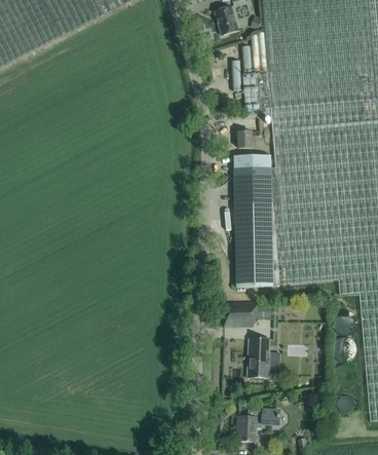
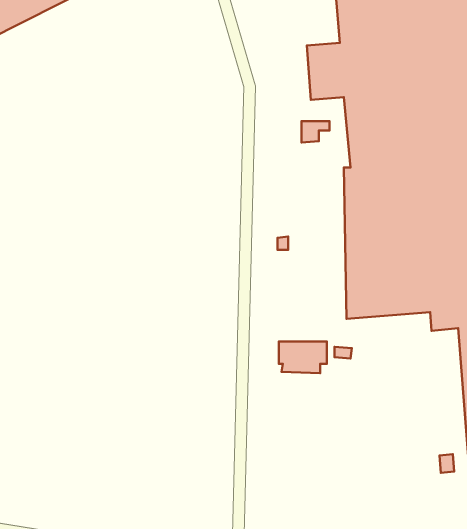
building: [233,155,273,287] -> none
building: [247,338,271,378] -> none
building: [237,409,279,441] -> none

